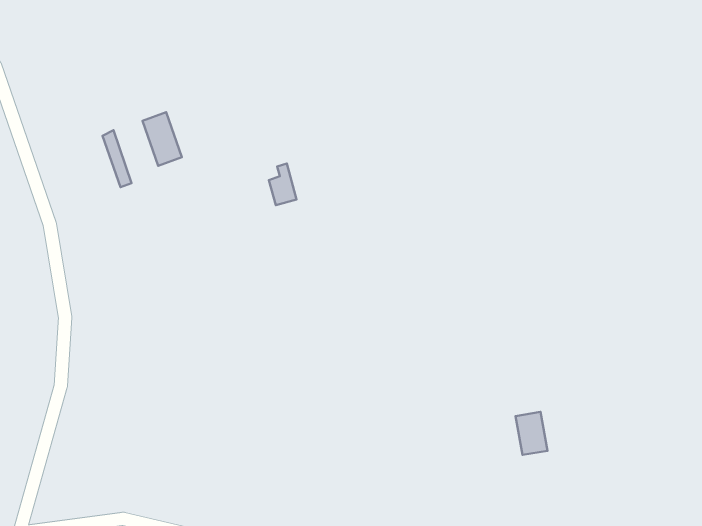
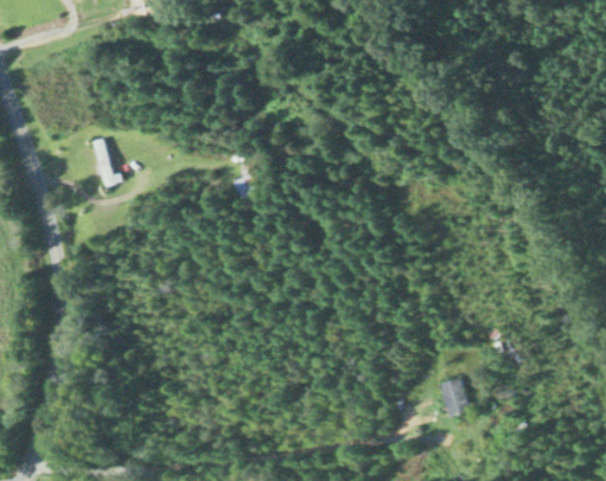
building: [142,112,182,166] -> none

